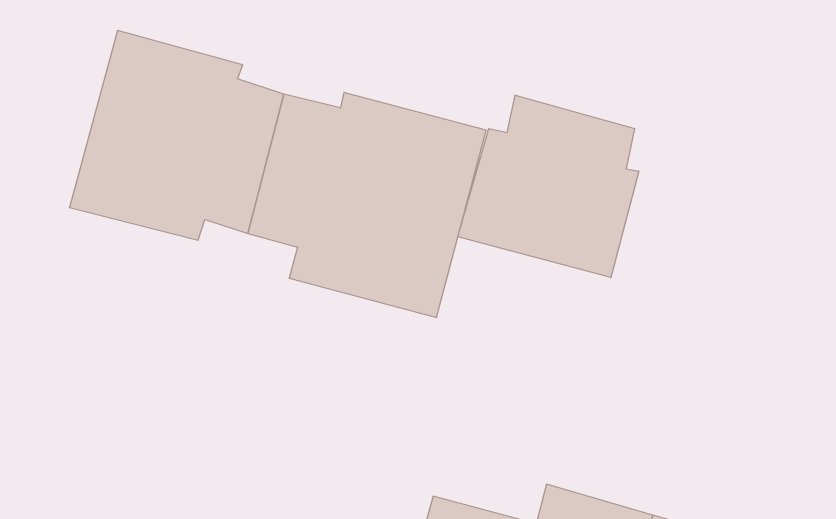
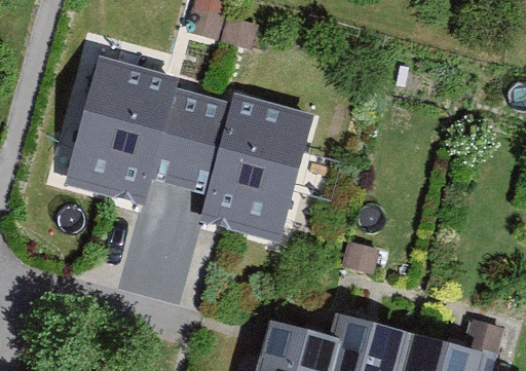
building: [458,95,639,278] -> none

